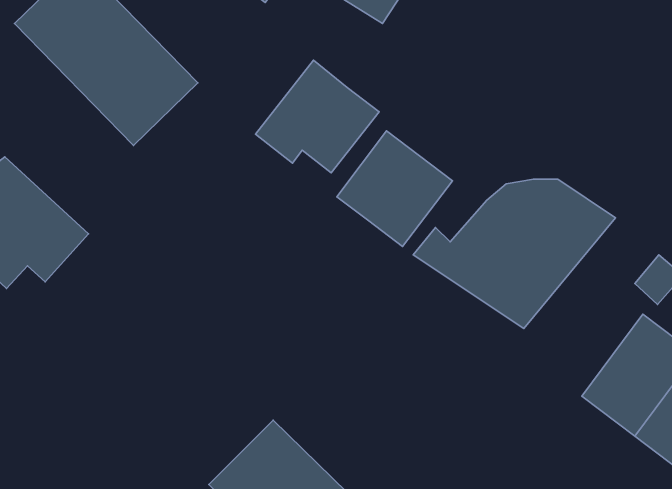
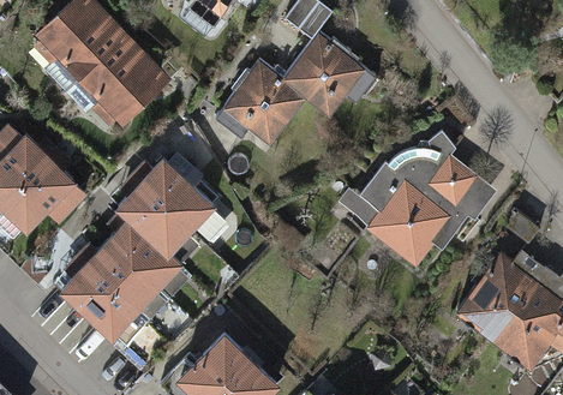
building: [337,131,452,247] -> [283,34,370,120]
building: none -> [61,157,217,337]

